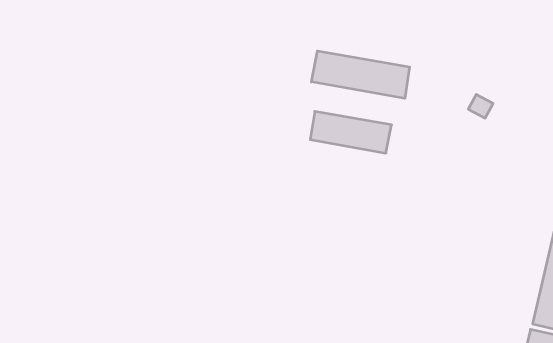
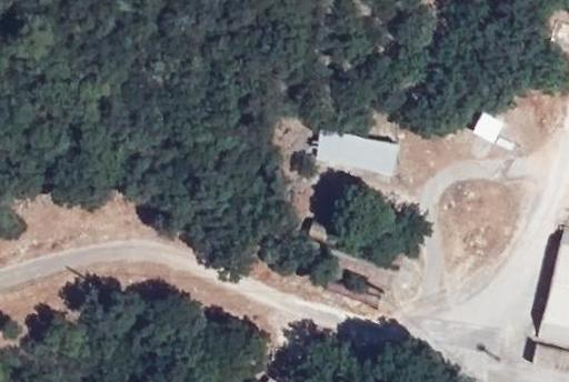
building: [311,51,410,98] -> none

